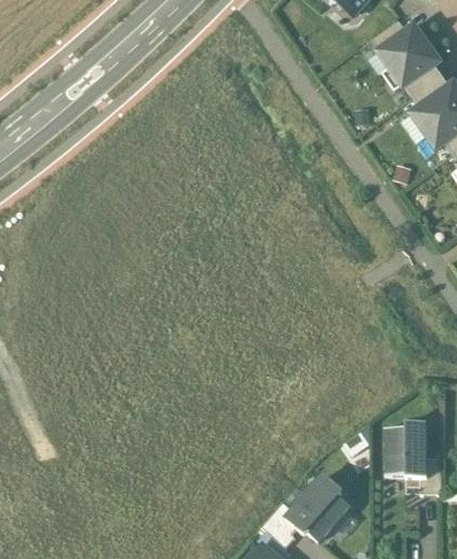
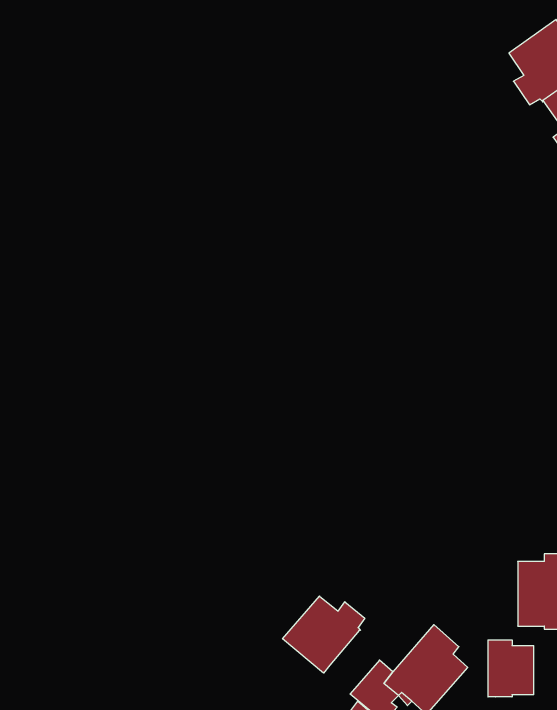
building: none -> [283,596,365,673]
building: none -> [488,640,534,697]

